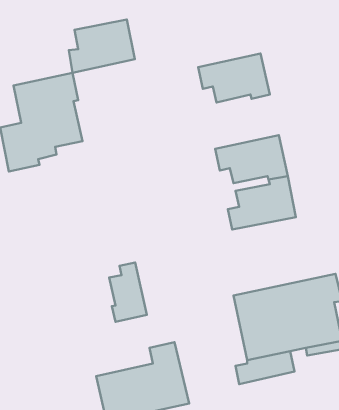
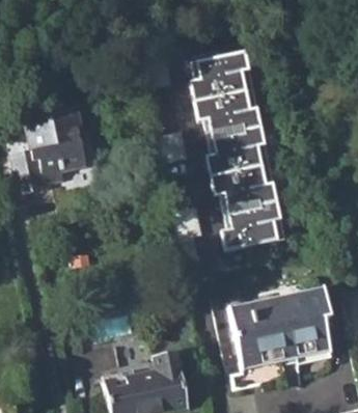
building: [69,19,135,73] -> [191,50,251,99]
building: none -> [205,123,268,173]
building: [109,263,147,322] -> none

